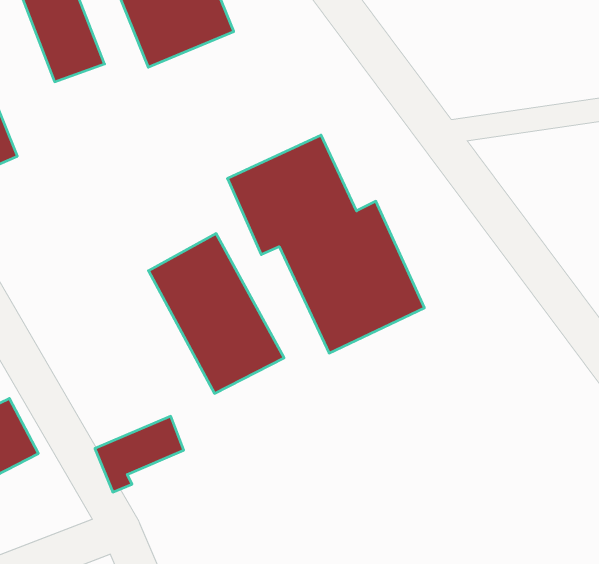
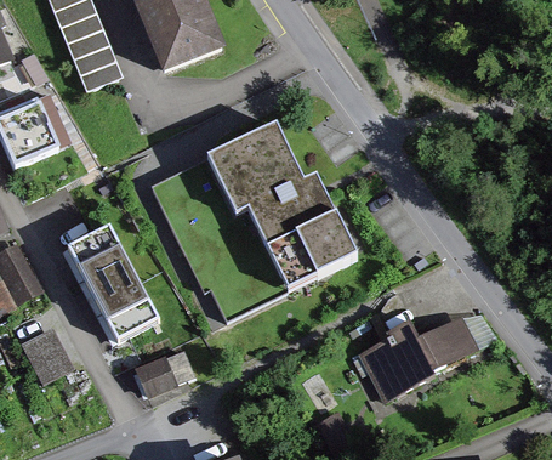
building: [148,234,284,393] -> [63,227,165,347]
building: none -> [359,318,471,399]

